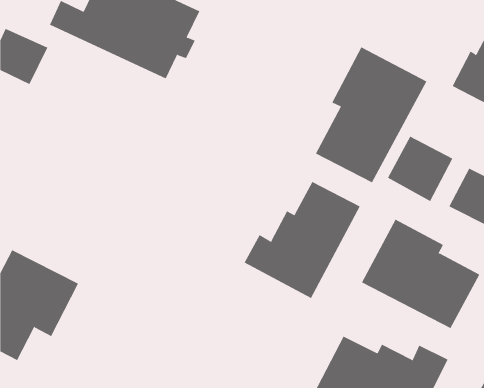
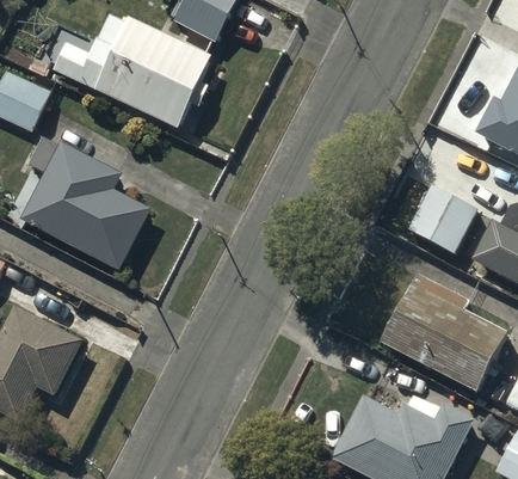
building: [315,46,427,183] -> none
building: none -> [19,135,147,268]
building: [244,181,361,299] -> none

